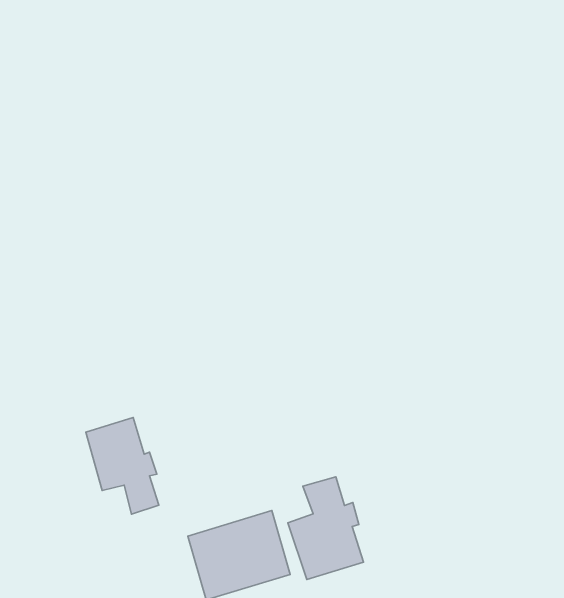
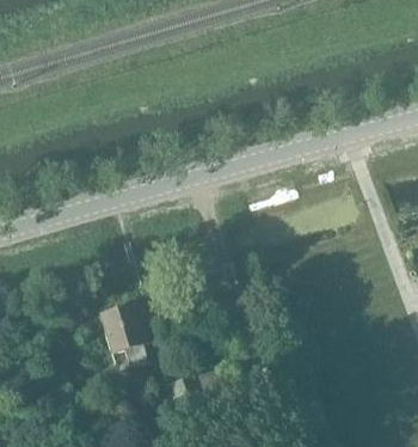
building: [288,477,364,580] -> none

